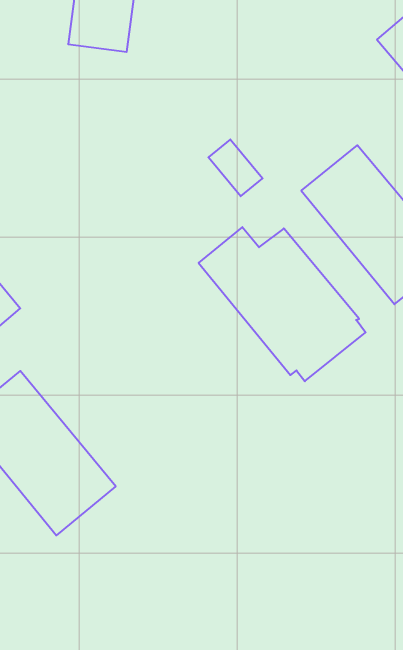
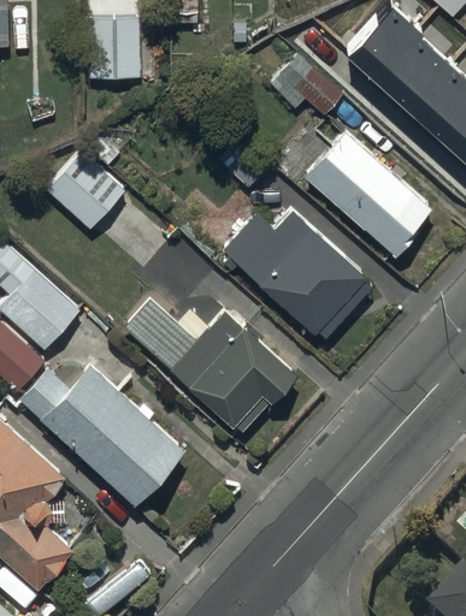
building: none -> [273,54,346,113]
building: none -> [47,152,124,229]
building: none -> [124,298,300,432]

